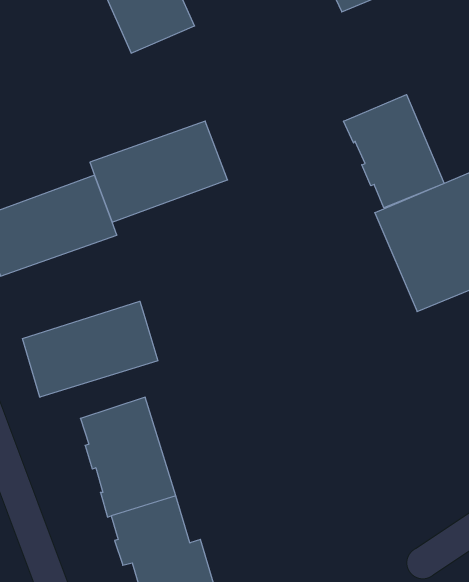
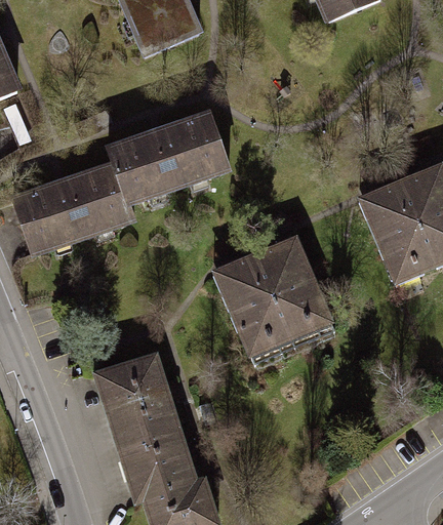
building: [344,95,444,208] -> none
building: none -> [213,235,330,361]
building: [23,301,158,397] -> none

